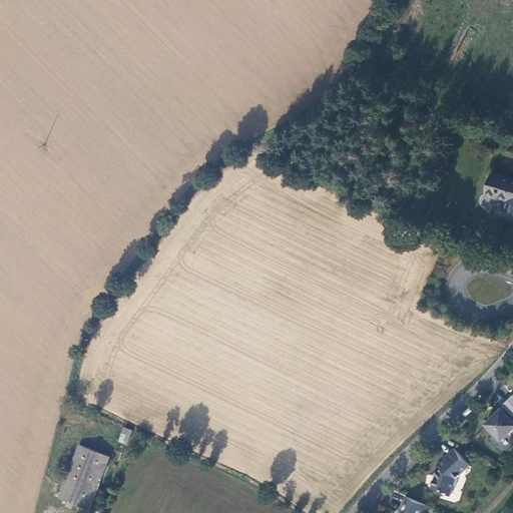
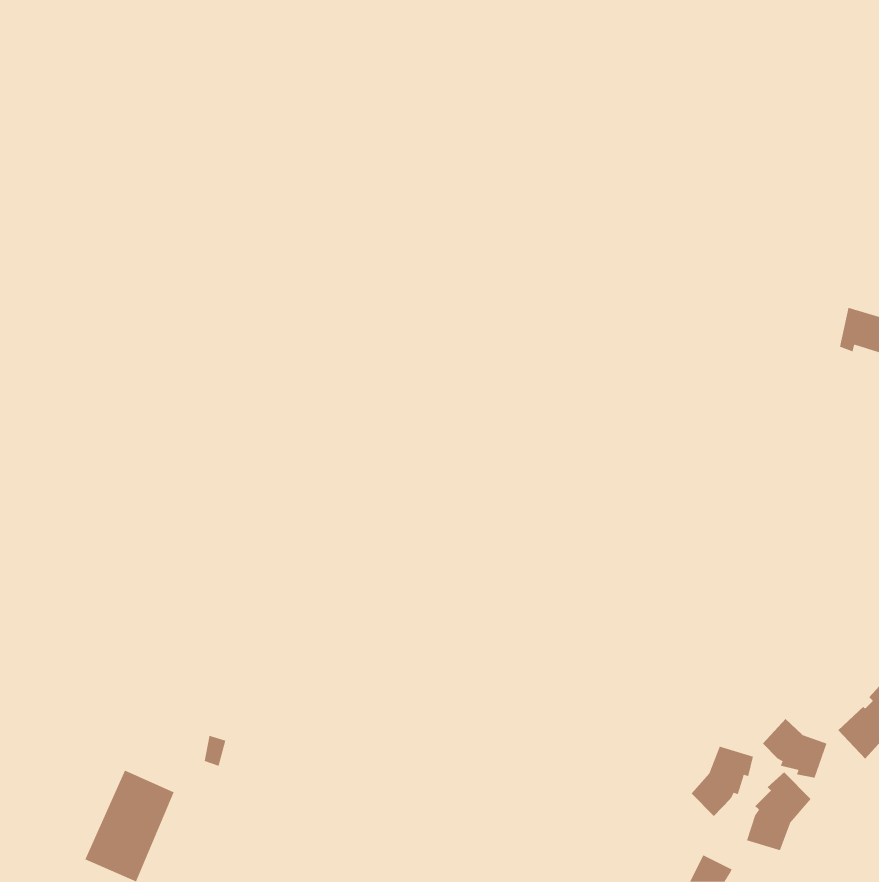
building: none -> [762,718,827,778]
building: none -> [691,746,754,817]

